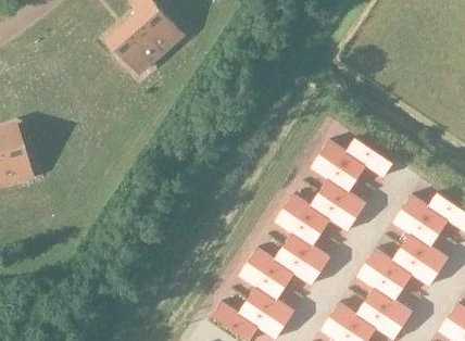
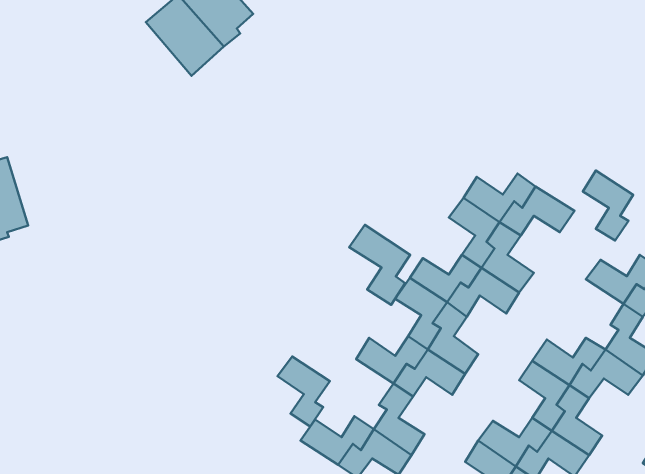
building: none -> [349,225,410,305]
building: [393,207,427,254] -> [583,170,633,240]
building: [239,261,274,307] -> [278,357,330,427]

